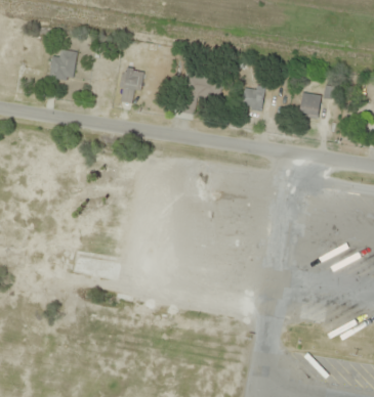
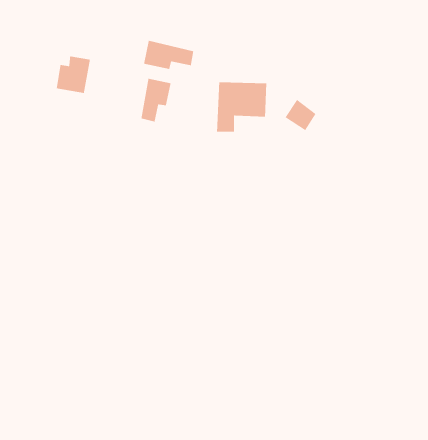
building: none -> [143,40,194,70]
building: [299,91,321,118] -> none

